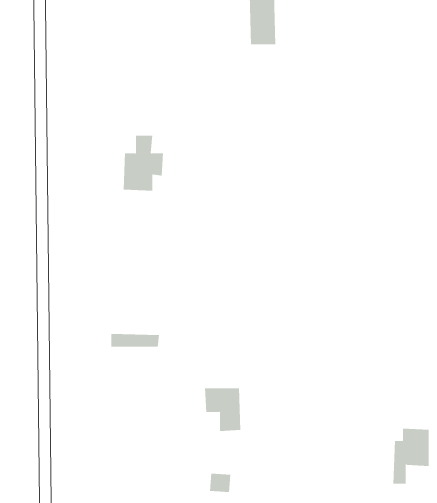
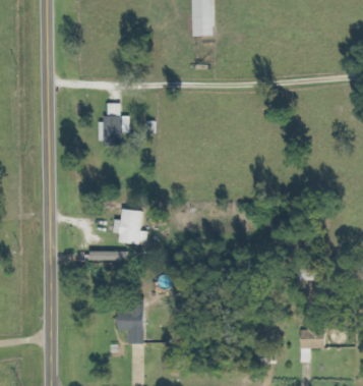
building: none -> [113,209,143,244]
building: [204,388,241,432] -> [116,312,143,344]

